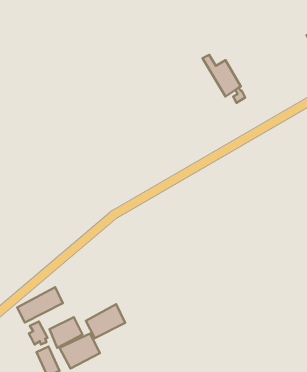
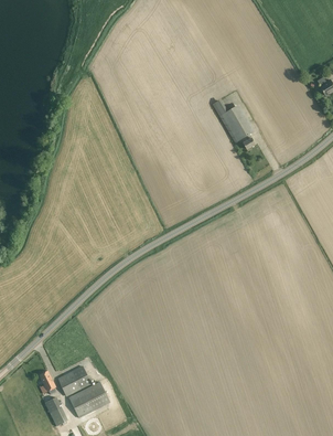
building: [17,287,63,322] -> none
building: [86,304,125,338] -> none

